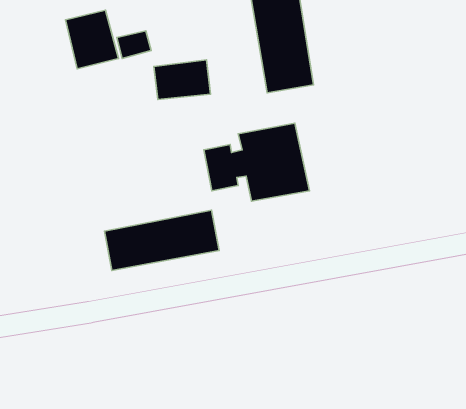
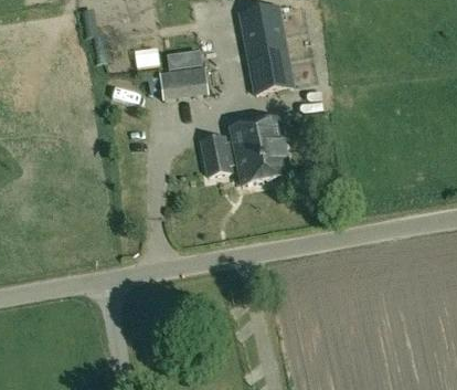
building: [66,10,119,69] -> none
building: [105,210,219,271] -> none

